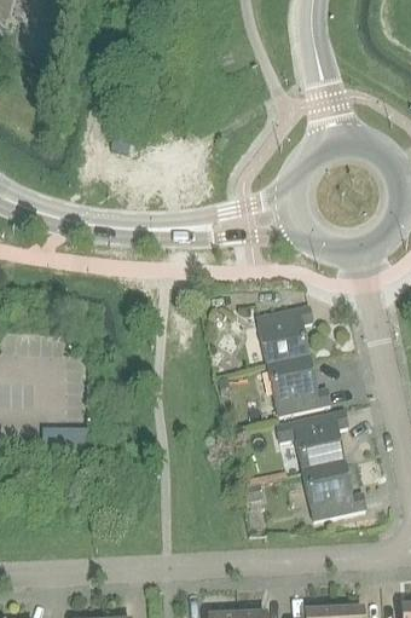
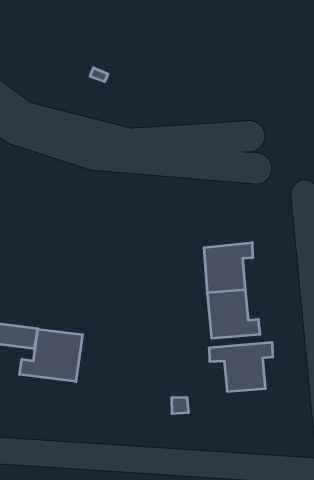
building: none -> [19,329,83,382]
building: [301,461,364,519] -> none

